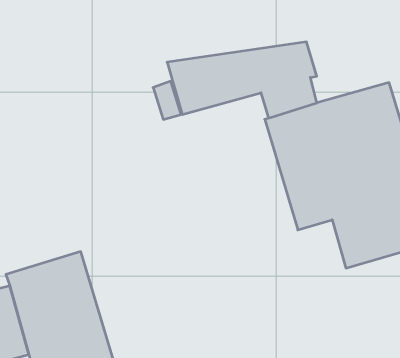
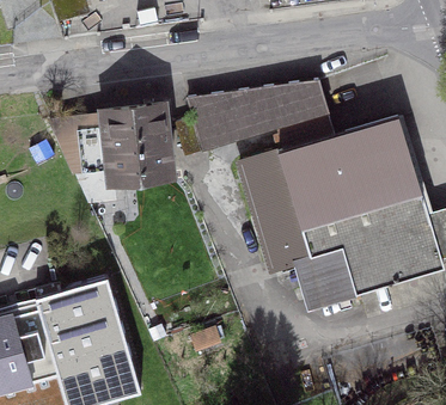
building: none -> [57,105,173,203]
building: none -> [239,153,356,307]

